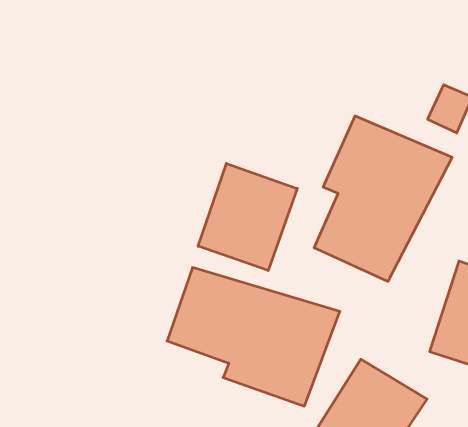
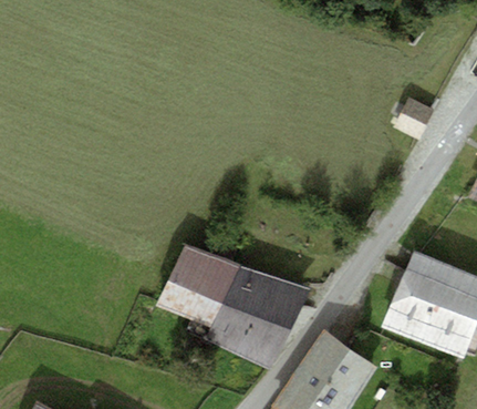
building: [314,116,452,281] -> none
building: [198,163,297,271] -> none

